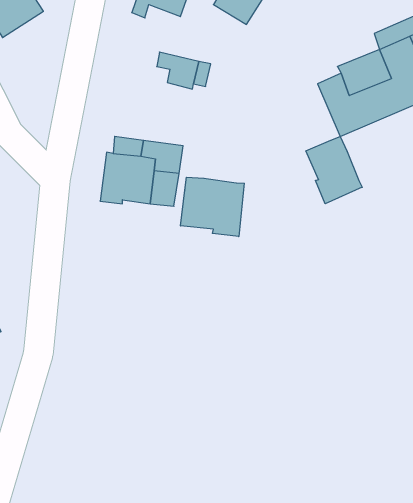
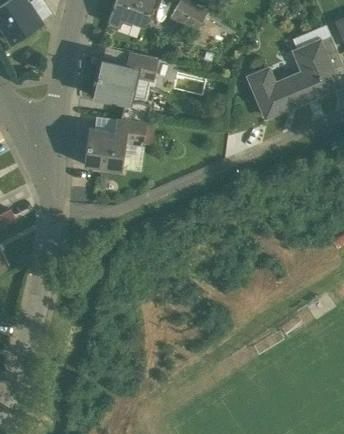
building: none -> [92,58,136,101]
building: [306,136,362,204] -> none
building: [181,177,244,237] -> none

